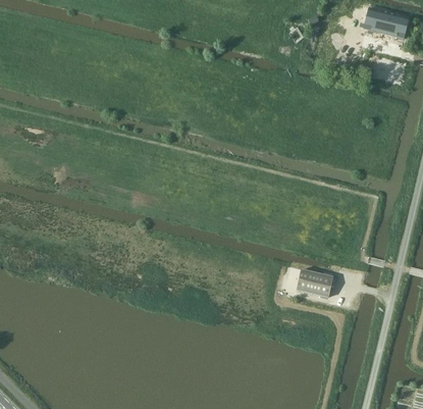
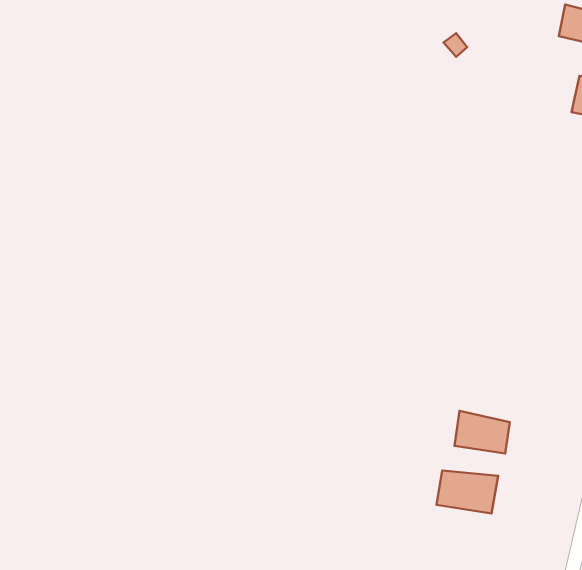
building: none -> [437,471,498,514]

